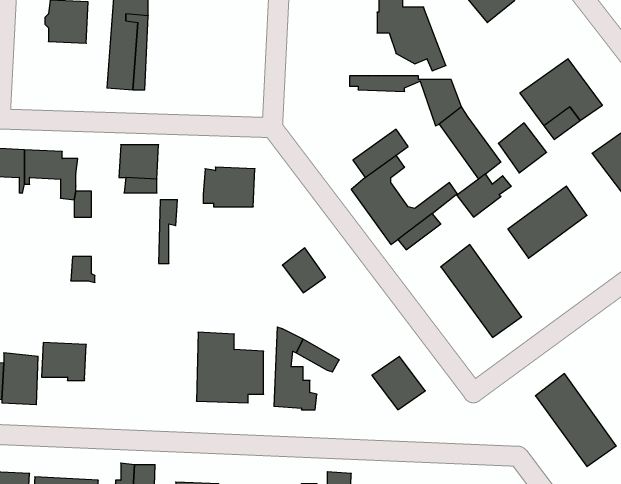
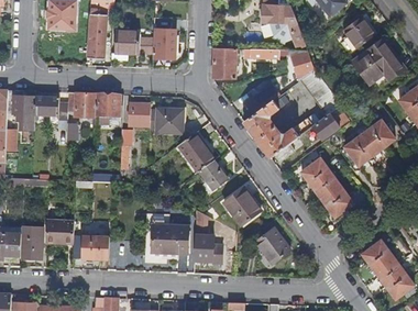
building: none -> [153,29,175,58]
building: none -> [114,31,139,53]
building: none -> [211,48,238,79]
building: [498,123,547,173] -> [342,16,373,48]
building: none -> [67,92,96,119]
building: none -> [129,102,150,125]
building: none -> [178,132,214,171]
building: none -> [224,187,260,223]
building: none -> [73,235,109,259]

